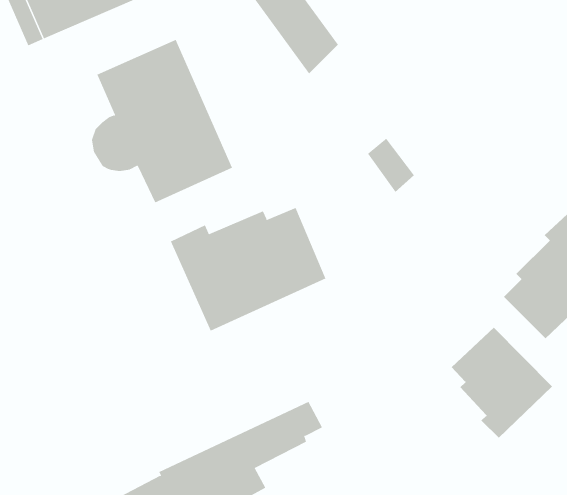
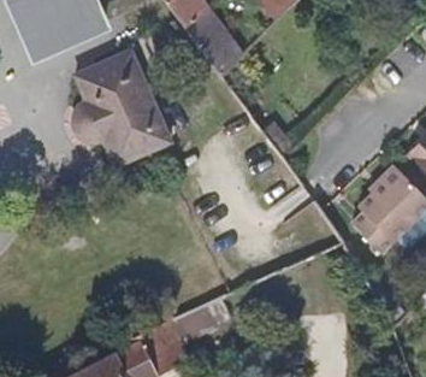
building: [170,207,326,332] -> none
building: [451,327,553,438] -> none

